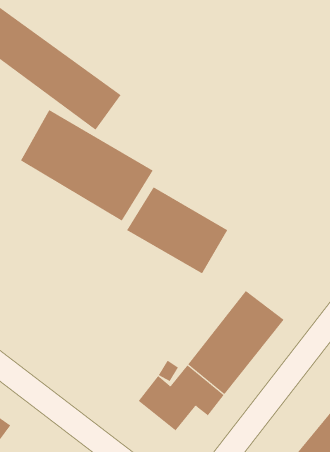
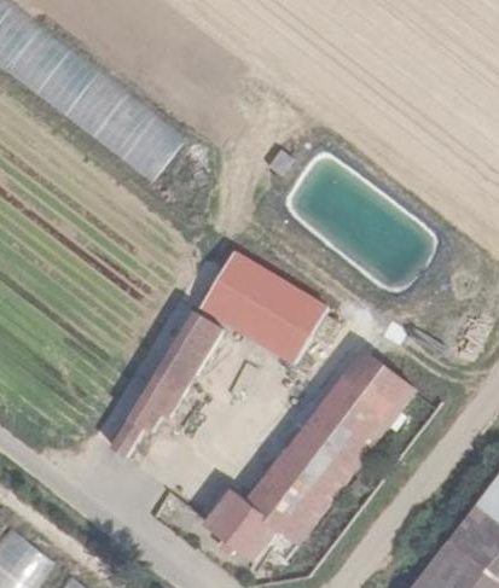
building: [20,109,154,221] -> none
building: none -> [105,313,217,455]
building: none -> [343,349,418,420]

